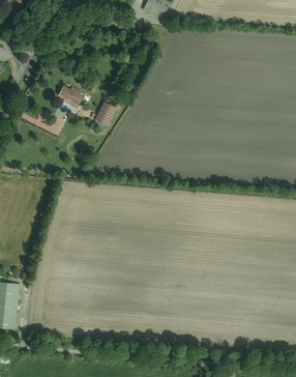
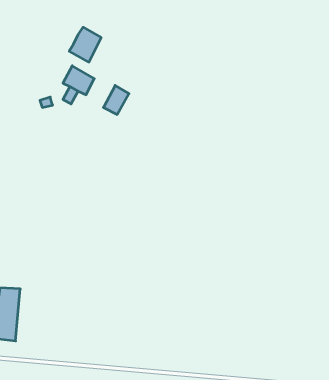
building: none -> [69,27,101,62]

